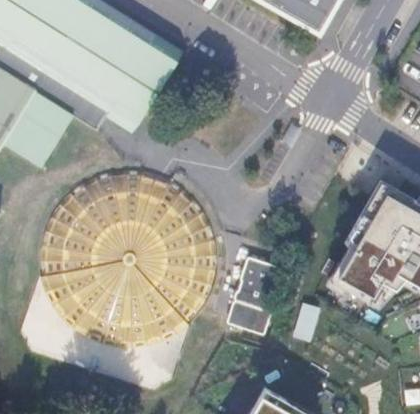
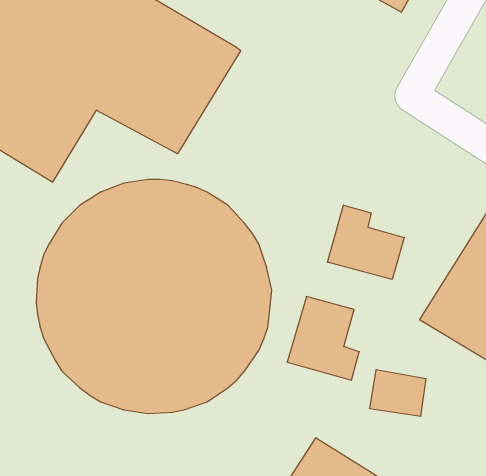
building: none -> [328,205,404,279]

